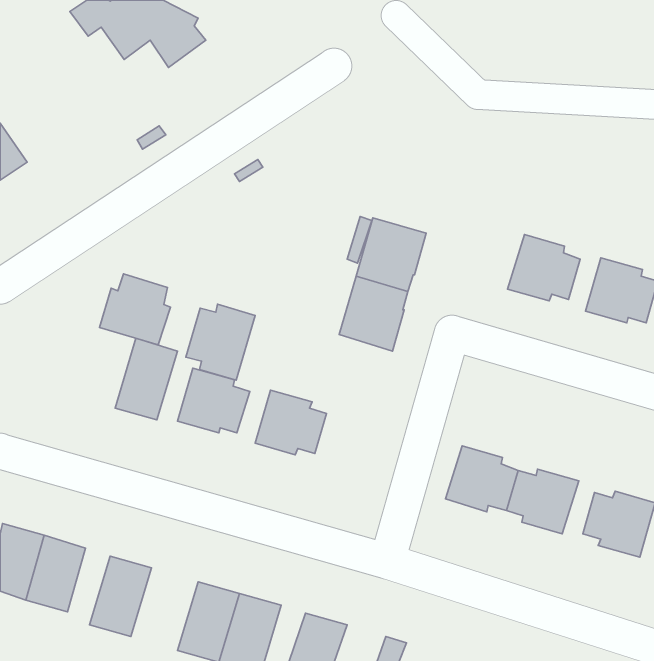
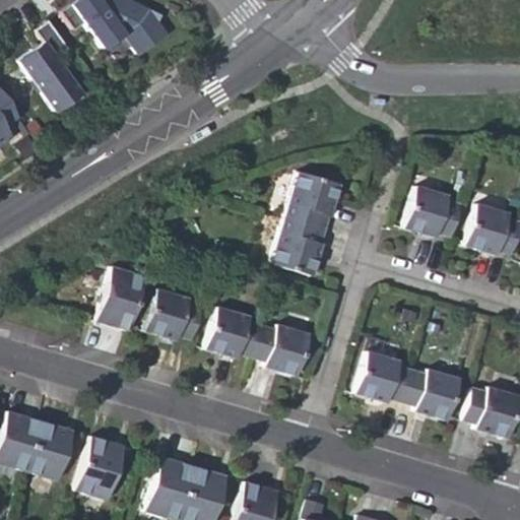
building: none -> [20,20,82,111]
building: [100,274,170,345] -> none
building: [186,304,255,380] -> none
building: none -> [253,324,310,376]

